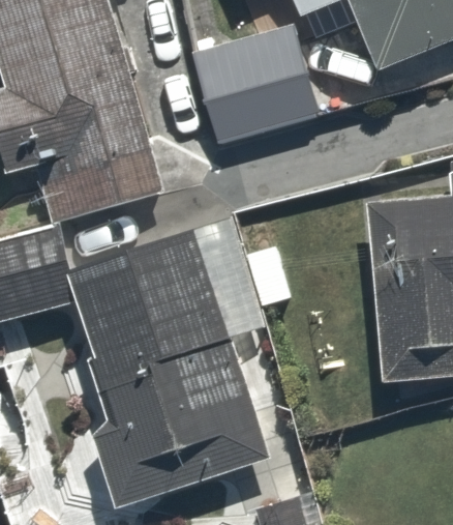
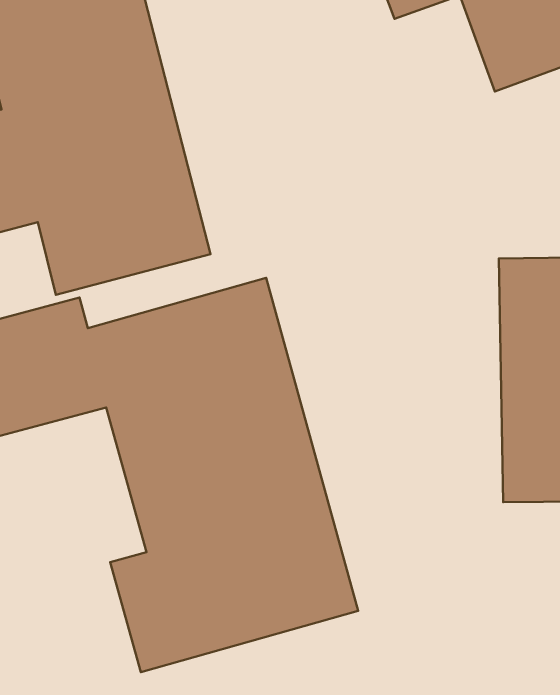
building: [193,25,326,145] -> none

